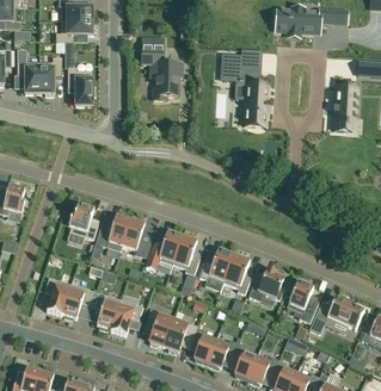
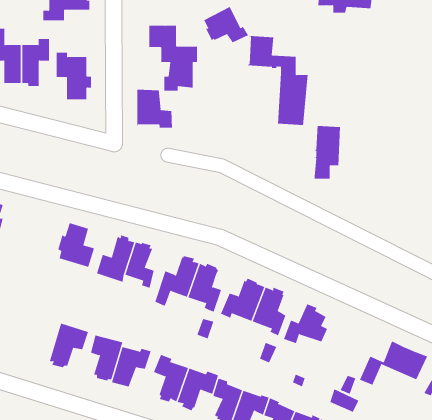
building: none -> [203,6,249,43]
building: [333,86,355,129] -> [314,125,341,179]
building: none -> [137,89,173,129]
building: [44,277,70,315] -> none
building: [287,280,319,322] -> none

